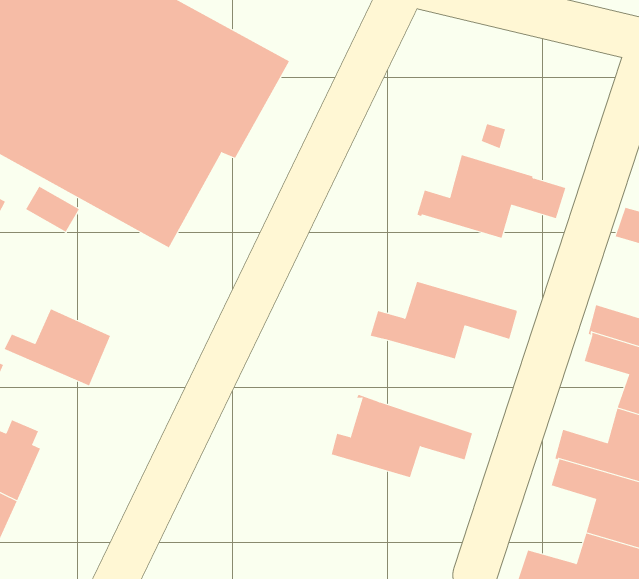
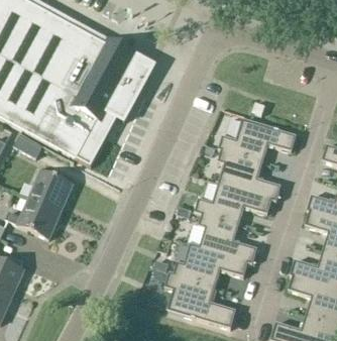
building: none -> [218,147,282,200]
building: none -> [29,168,73,210]
building: none -> [199,212,257,262]
building: none -> [165,270,236,327]

